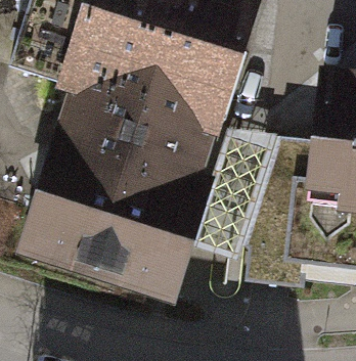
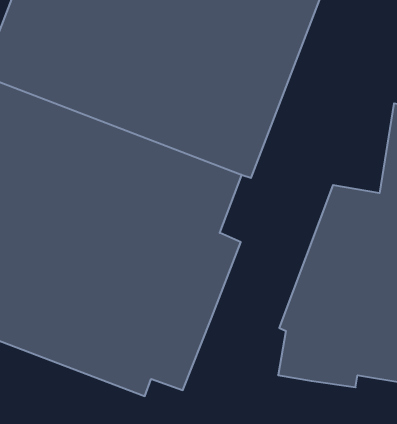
building: [209,142,296,272] -> none

